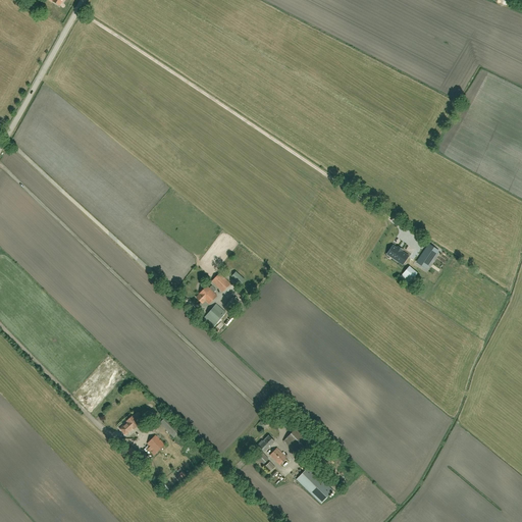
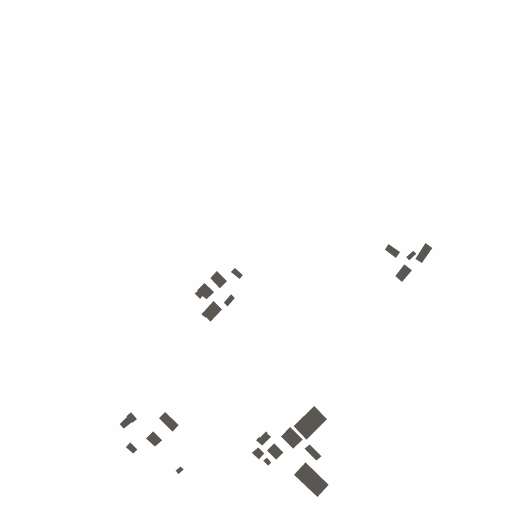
building: none -> [293,405,328,440]

